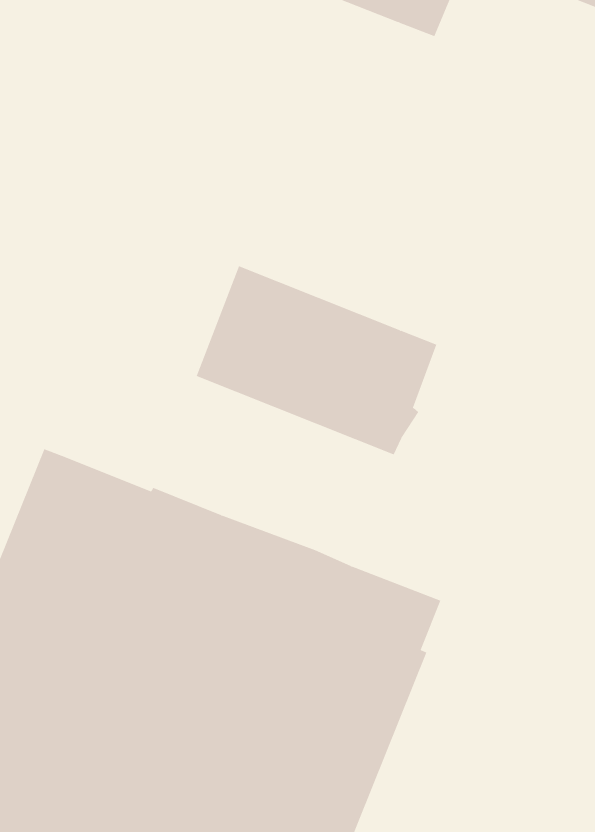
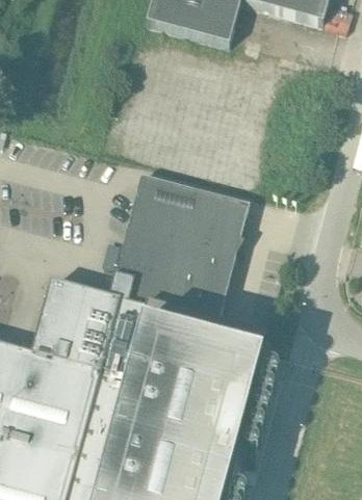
building: none -> [109,234,233,323]

